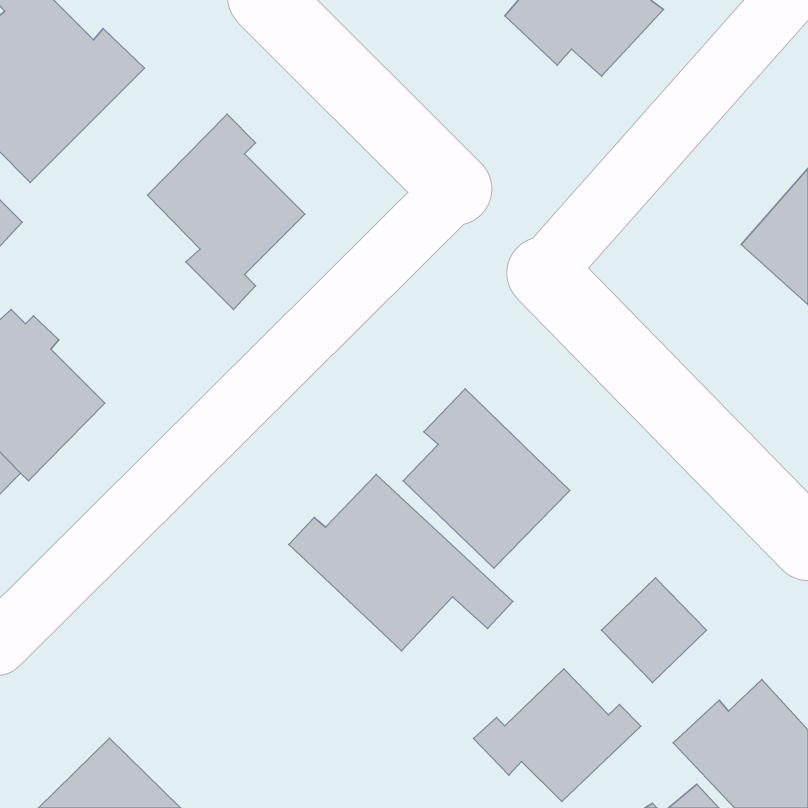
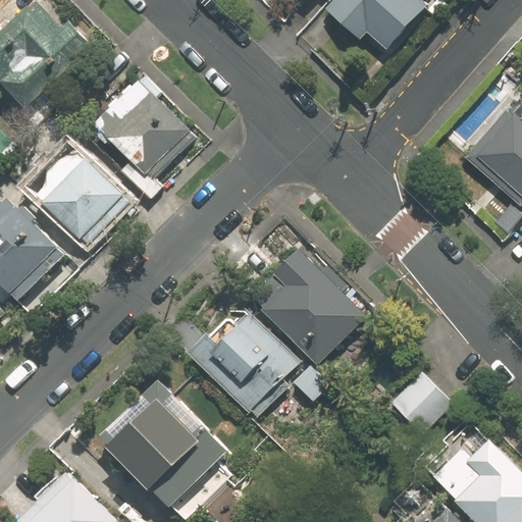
building: none -> [34,142,133,248]
building: none -> [96,379,230,514]
building: [474,669,641,802] -> none

